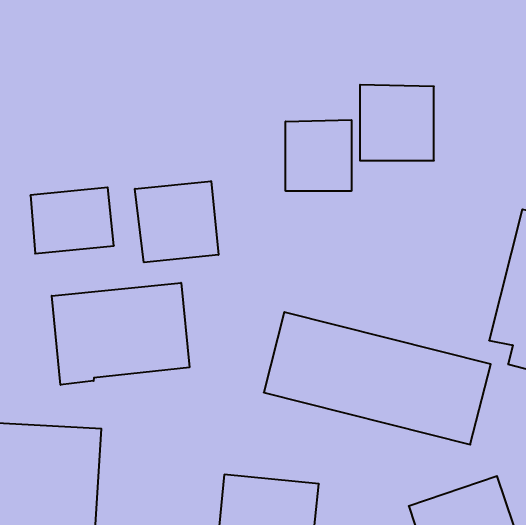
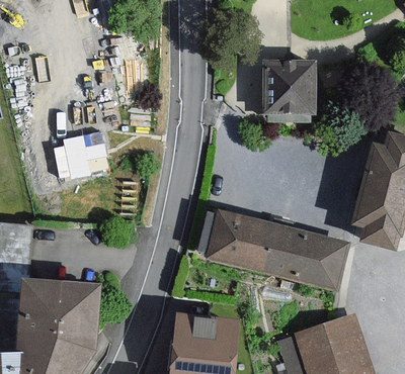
building: [286,120,351,191] -> none
building: [135,181,218,262] -> none
building: [52,283,189,385] -> none

